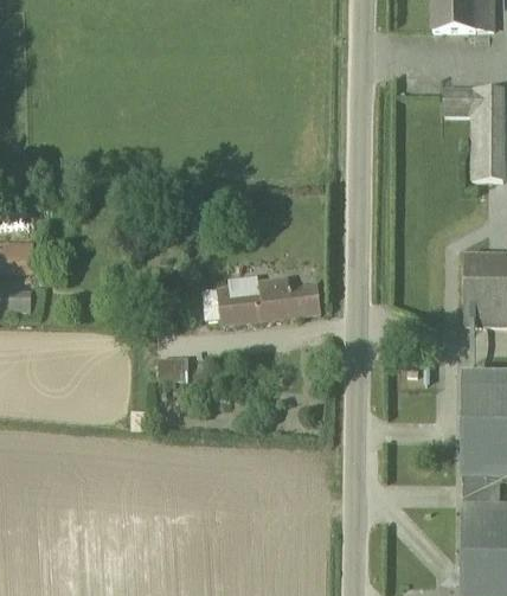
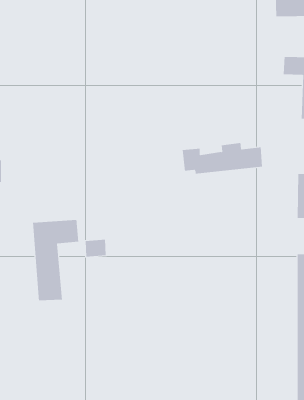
building: [203,275,321,321] -> [182,143,263,174]
building: none -> [32,219,79,301]

